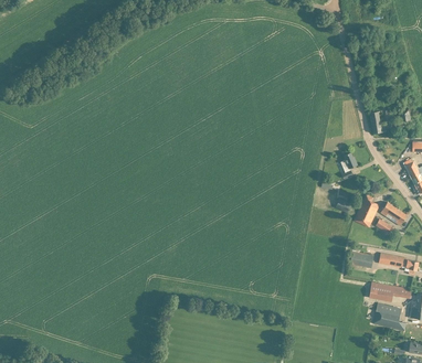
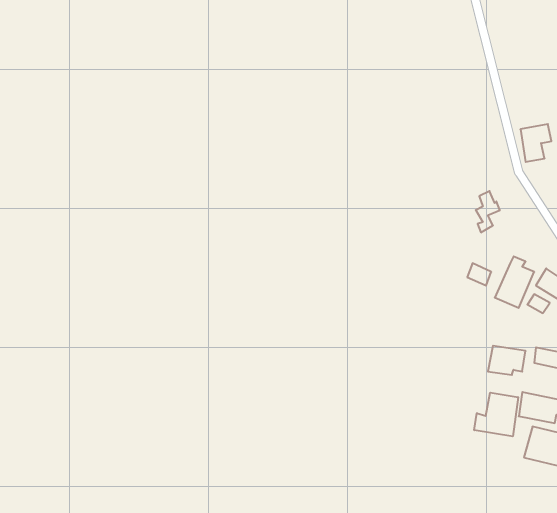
building: none -> [474,393,518,436]

